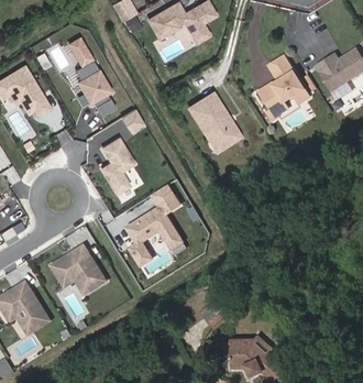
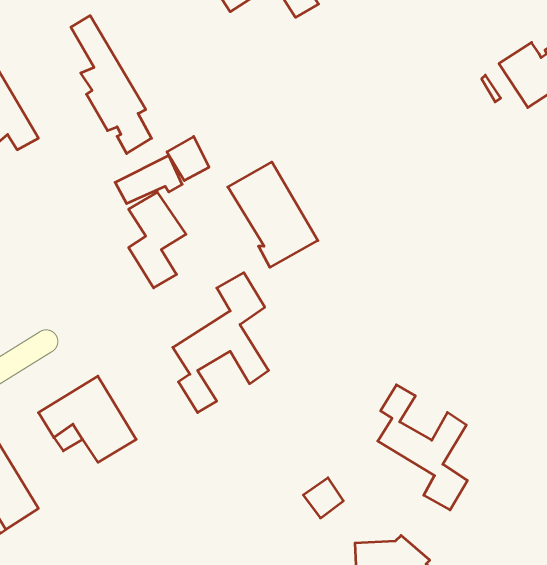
building: [265,64,314,125] -> none
building: [184,86,235,146] -> [228,162,318,267]
building: none -> [378,385,467,510]

